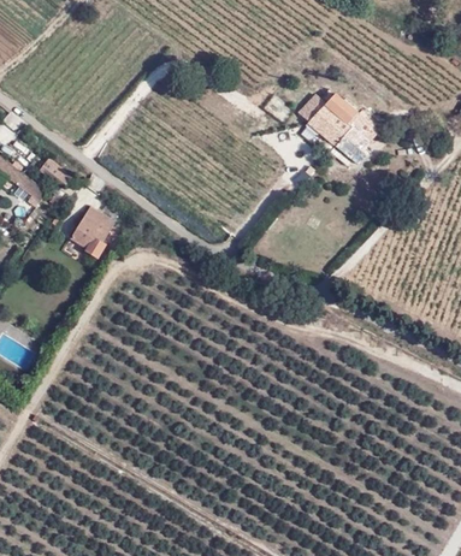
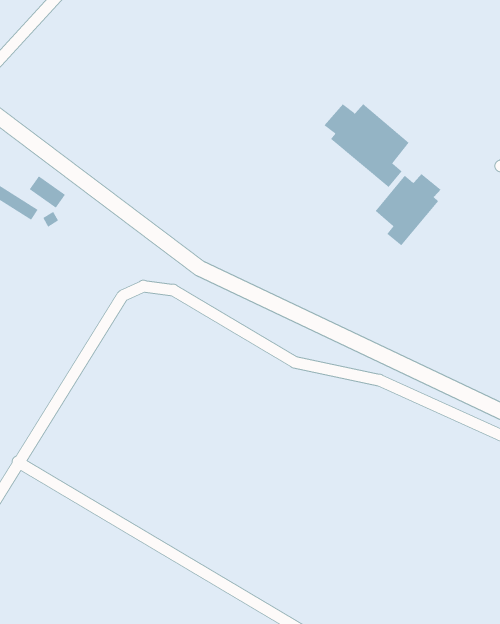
building: none -> [375,173,442,246]
building: [71,206,114,258] -> none

